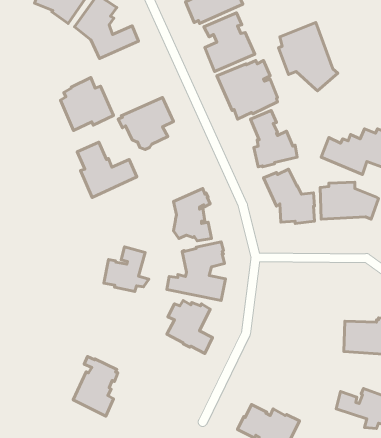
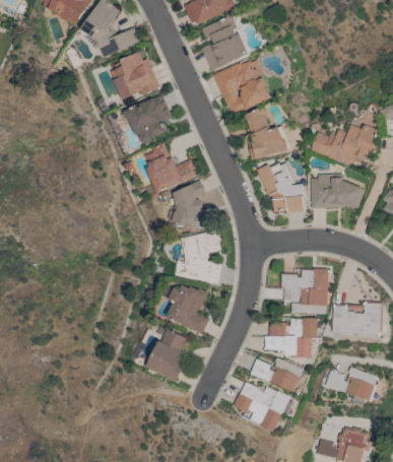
building: [279,23,338,91] -> none
building: [60,77,114,131] -> [111,51,160,101]
building: [77,142,137,197] -> [143,142,199,194]
building: [104,247,149,292] -> none
building: none -> [280,268,329,314]
building: none -> [264,317,318,357]
building: [73,357,118,416] -> [146,326,188,382]
building: none -> [250,357,303,392]

